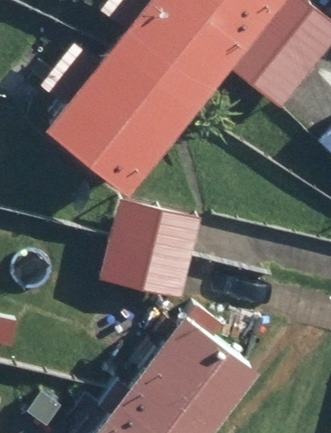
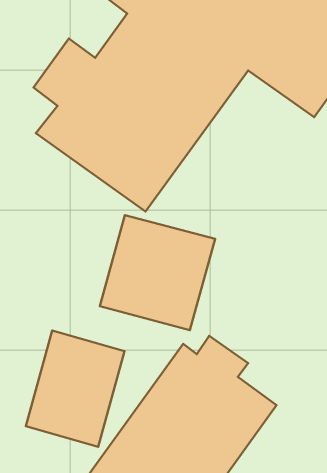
building: none -> [26,331,125,447]

